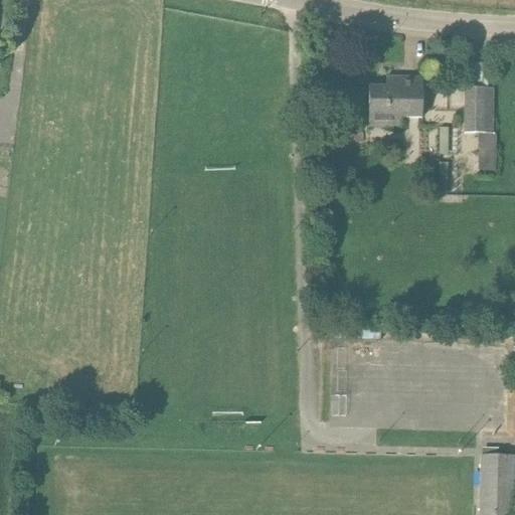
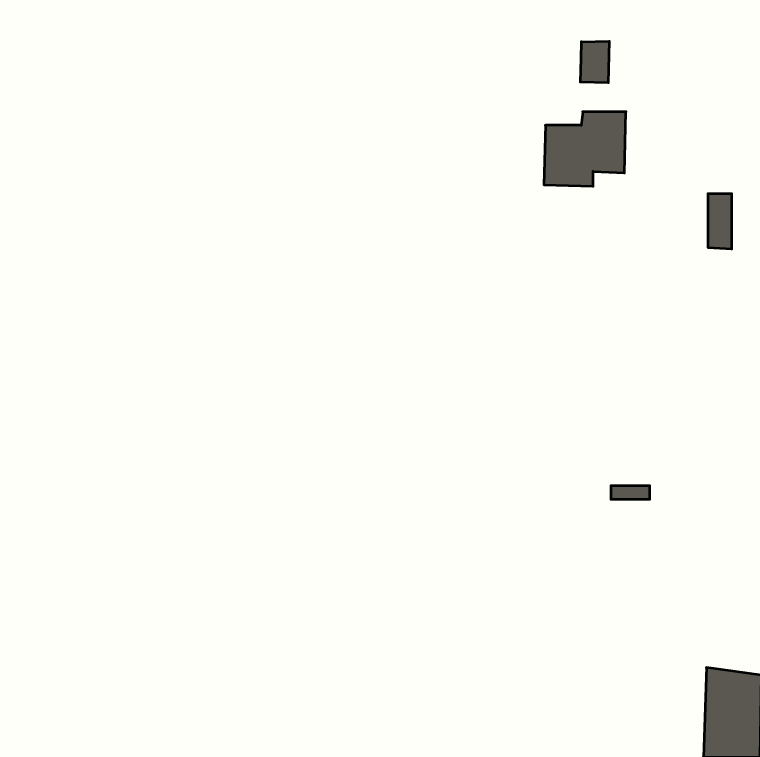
building: none -> [580,41,609,83]
building: [467,87,494,129] -> none

